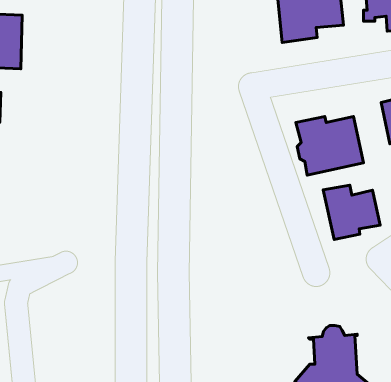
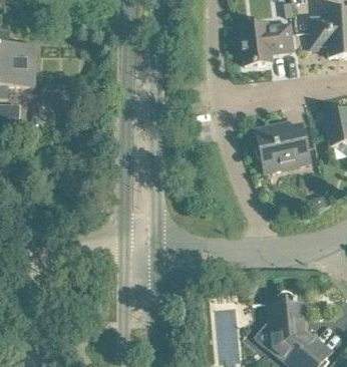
building: [323,185,380,239] -> none

